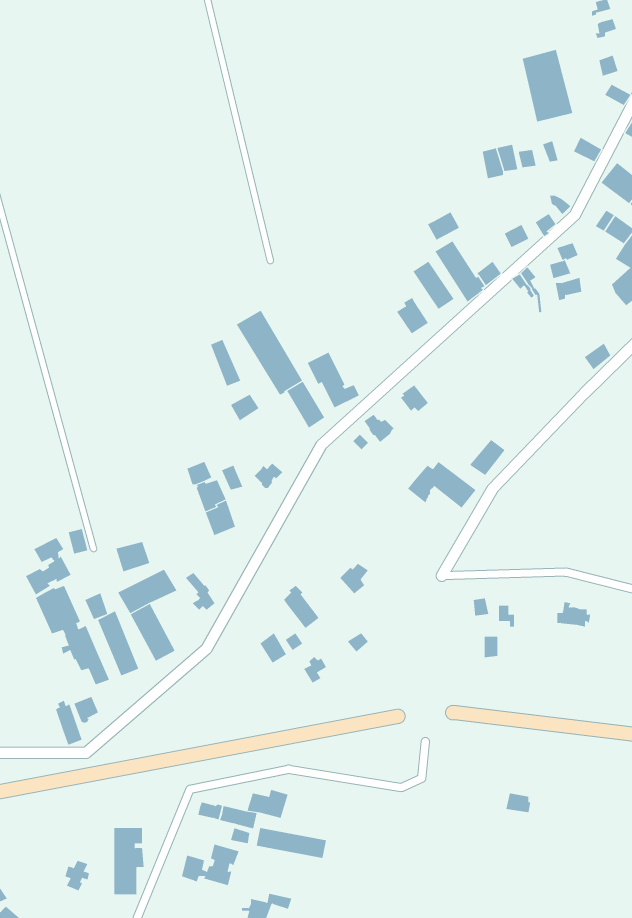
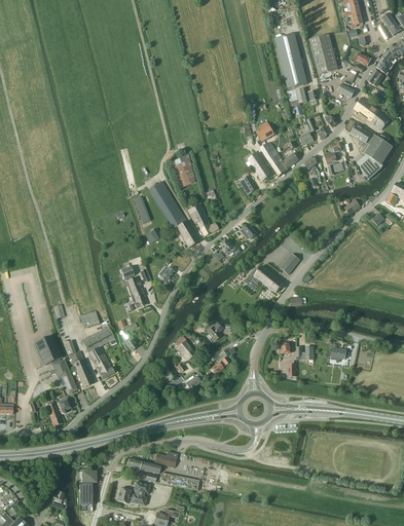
building: none -> [274,34,307,88]
building: none -> [171,154,195,188]
building: [25,537,72,596] -> none

